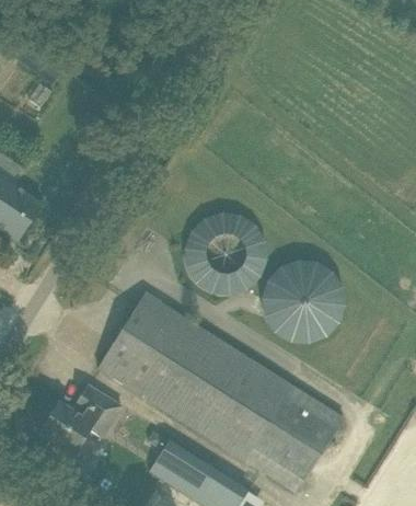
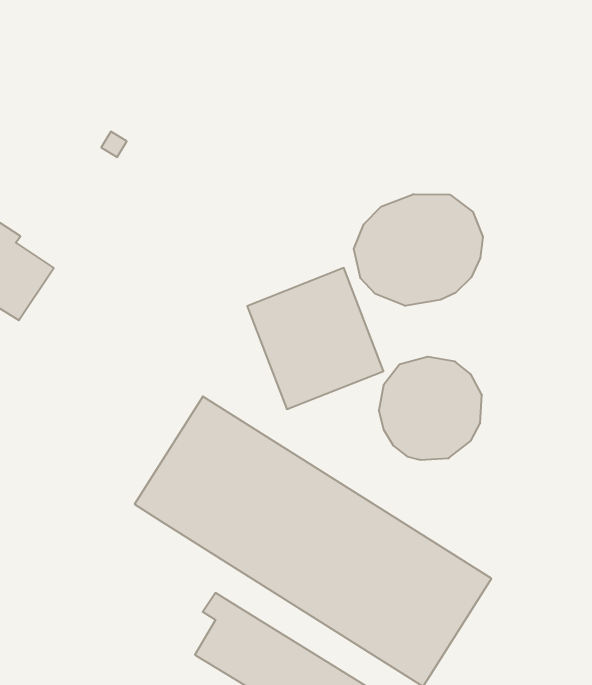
building: none -> [354,194,483,306]
building: [38,386,123,463] -> none

